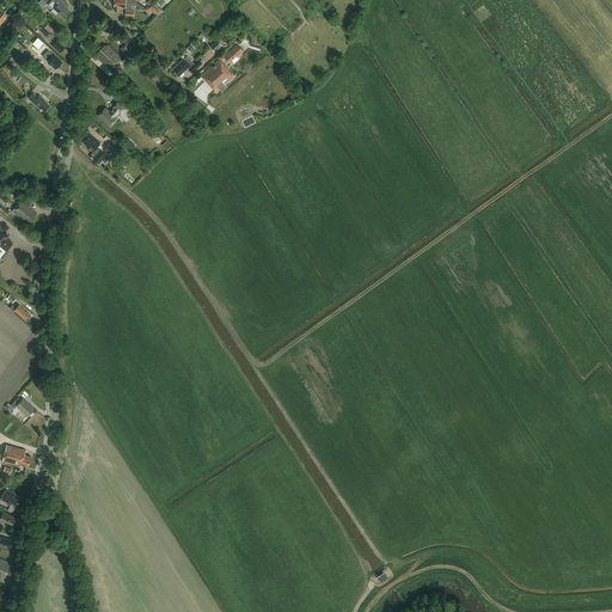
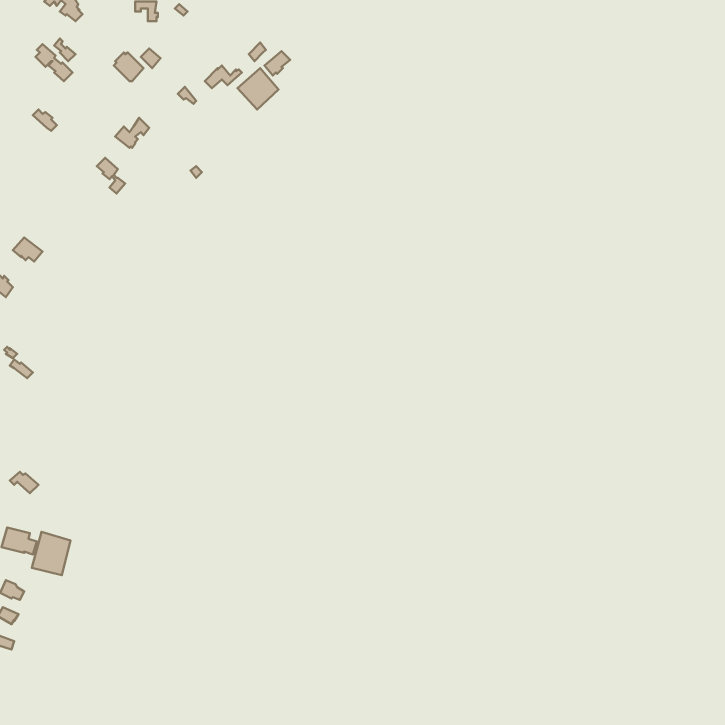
building: none -> [32,532,70,575]

